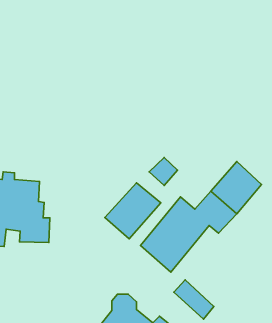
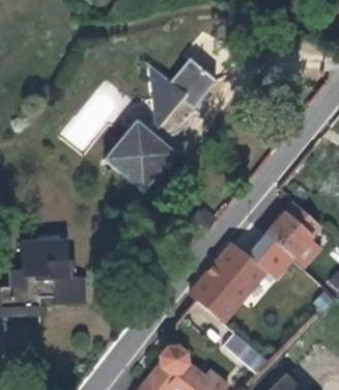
building: none -> [106,57,220,189]
building: [105,183,161,239] -> none

